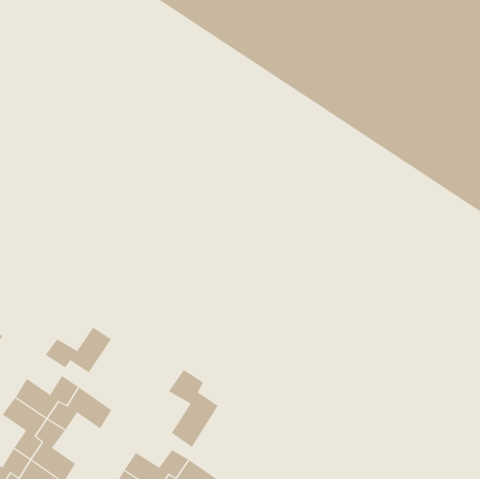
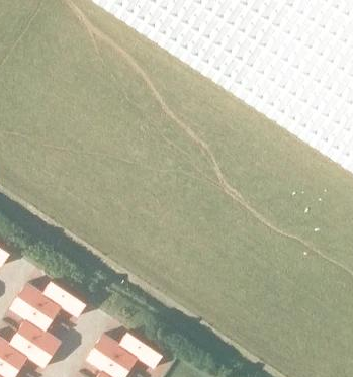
building: [45,327,112,373] -> none
building: [168,369,219,448] -> none

